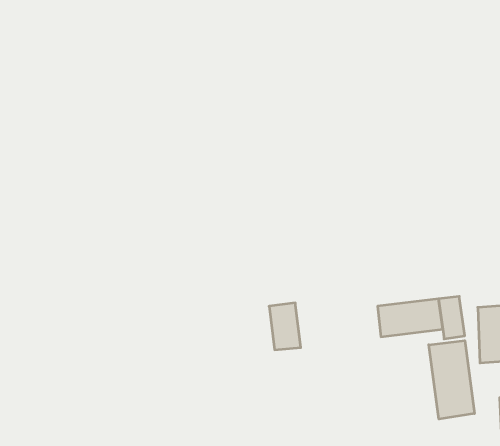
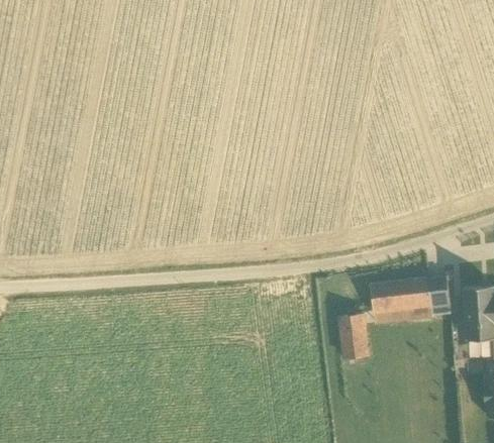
building: [269,303,301,350] -> [338,315,368,358]
building: [429,341,474,419] -> none

